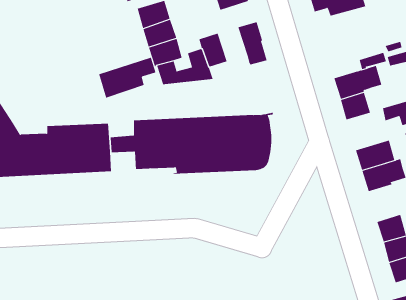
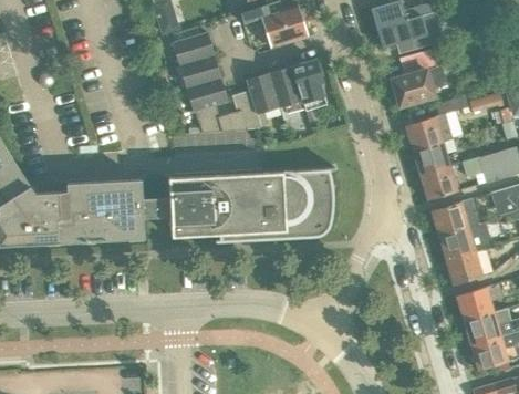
building: none -> [393,44,450,106]
building: none -> [269,65,305,121]
building: [98,57,156,99] -> none
building: none -> [421,167,458,200]
building: none -> [447,252,482,286]

